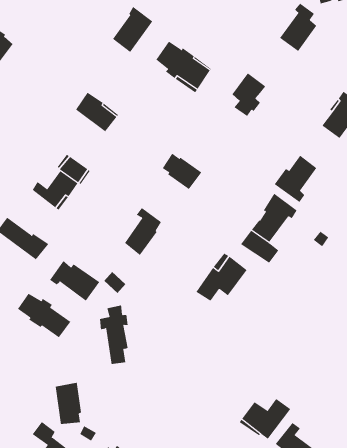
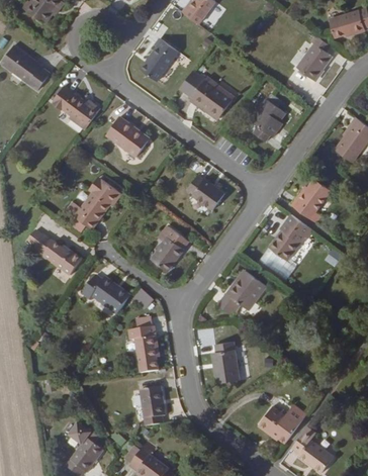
building: none -> [53,87,100,127]
building: [17,293,71,338] -> none
building: none -> [213,343,239,384]
building: [55,382,82,425] -> [140,388,165,427]

